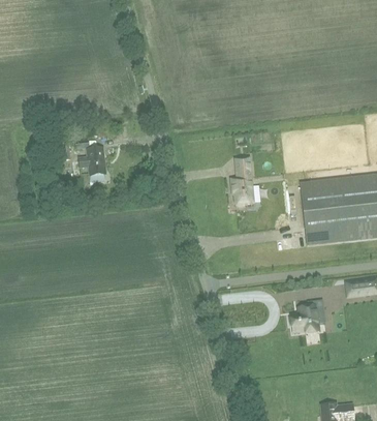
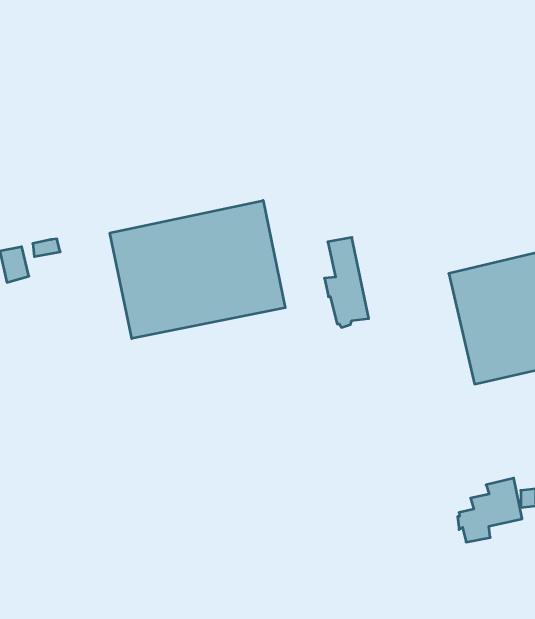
building: none -> [110,200,285,339]
building: [77,147,105,175] -> none

